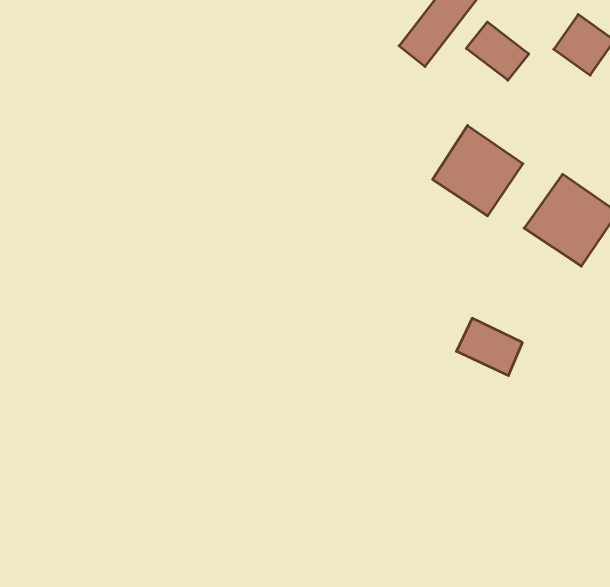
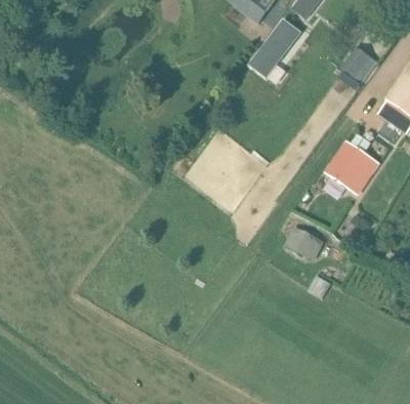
building: [466,22,529,80] -> none
building: [433,125,523,216] -> none

